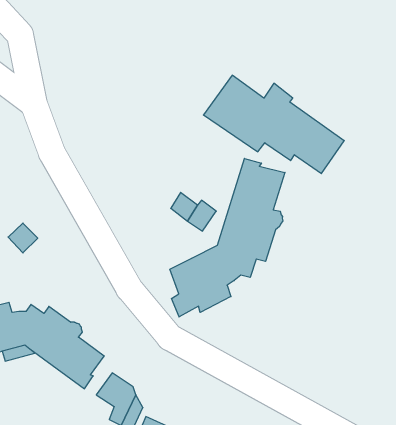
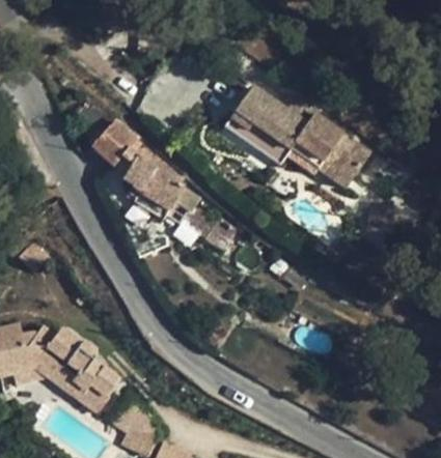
building: none -> [92,120,199,222]
building: [170,158,285,317] -> none

